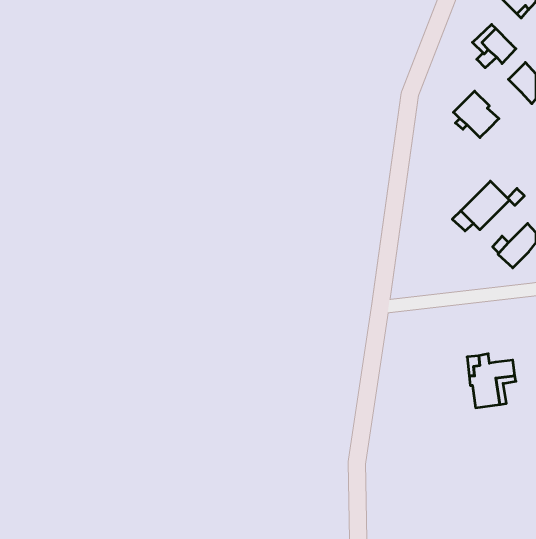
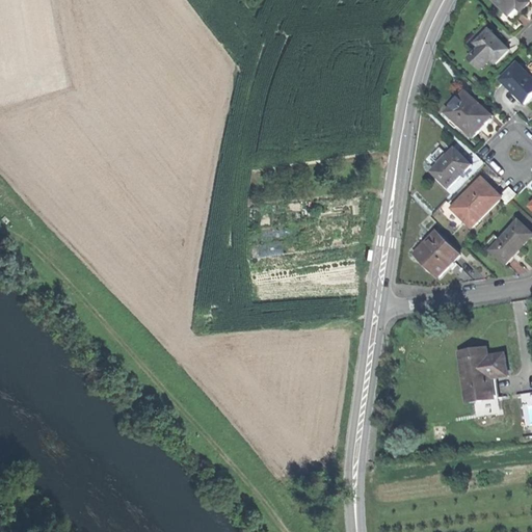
building: none -> [430,147,471,186]
building: none -> [415,232,458,275]

